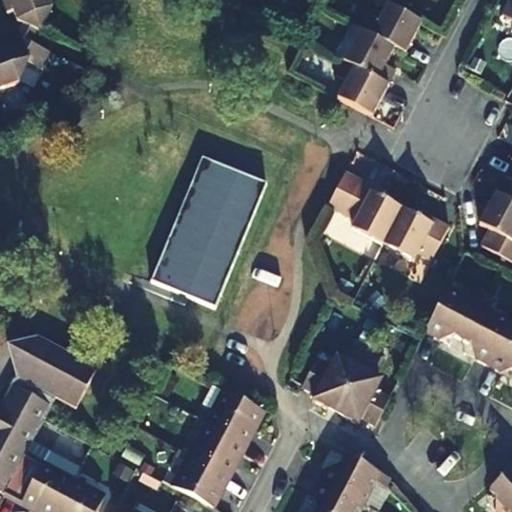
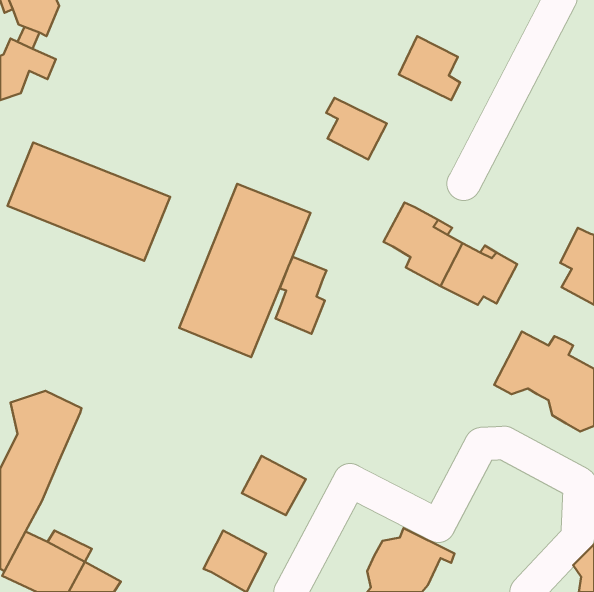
building: [359,5,421,54] -> none
building: [336,64,388,117] -> [326,98,387,159]
building: none -> [8,143,170,261]
building: none -> [276,257,326,334]
building: [302,342,392,426] -> none
building: [51,355,96,408] -> none
building: [192,424,246,476] -> none

